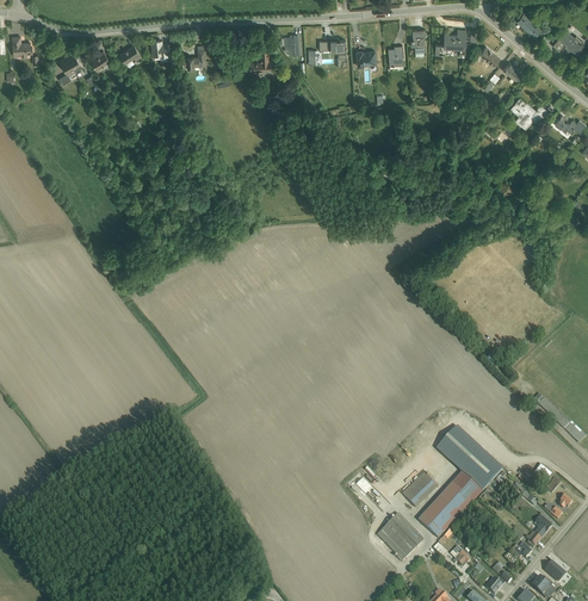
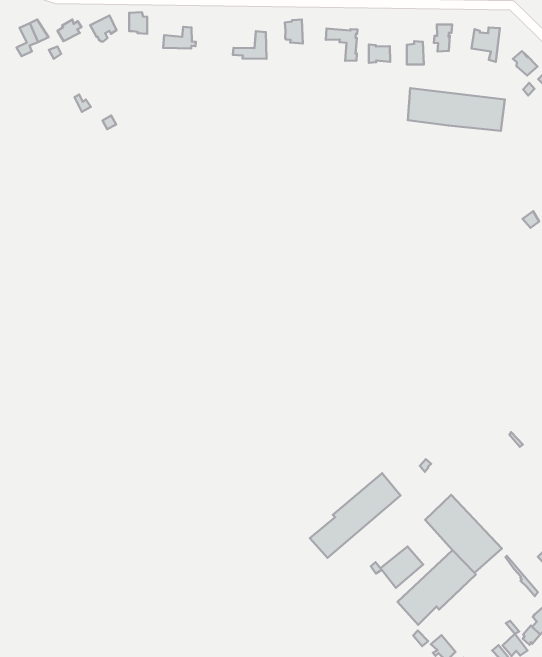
building: none -> [408,88,505,131]
building: none -> [310,473,401,558]
building: [376,513,423,562] -> none

